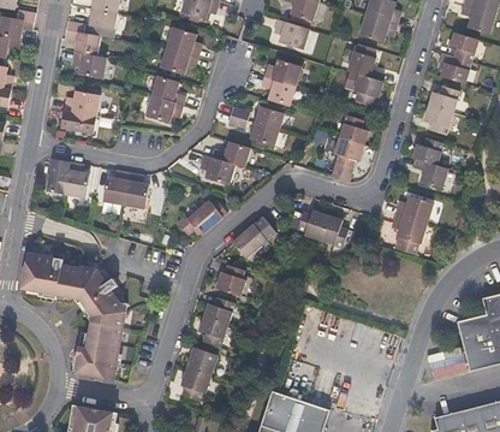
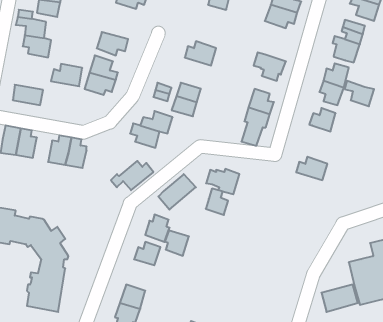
building: [274,20,309,52] -> none
building: [165,26,200,55] -> none
building: [347,45,382,81] -> none
building: [261,77,294,106] -> none
building: [61,89,99,116] -> [51,64,82,86]
building: [412,158,447,188] -> [345,81,374,106]
building: [392,213,427,255] -> none
building: [321,215,347,247] -> [206,189,228,215]
building: [198,316,227,347] -> [165,230,189,256]

